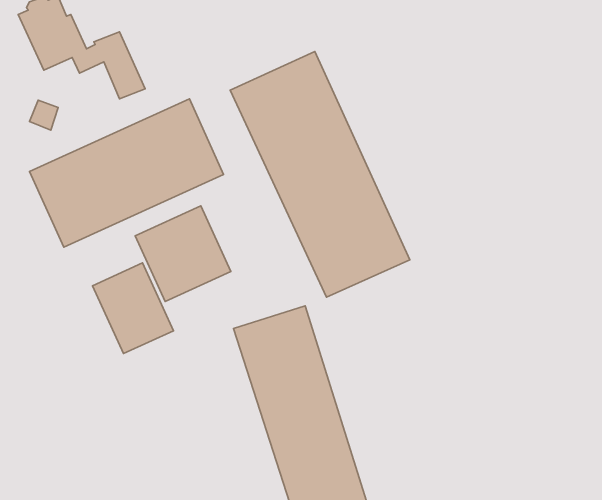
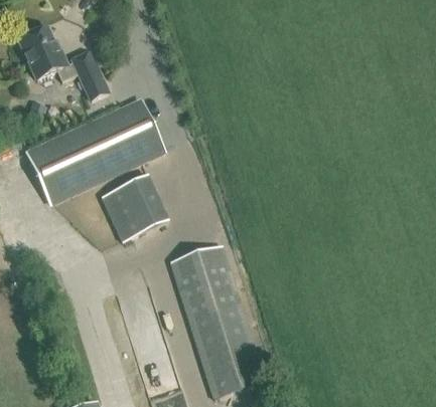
building: [230,52,410,297] -> none
building: [93,263,174,354] -> none

